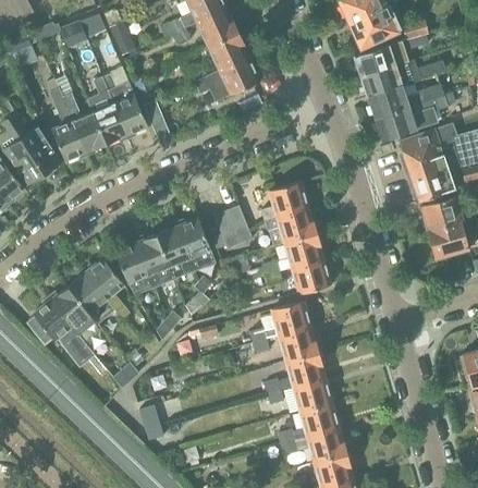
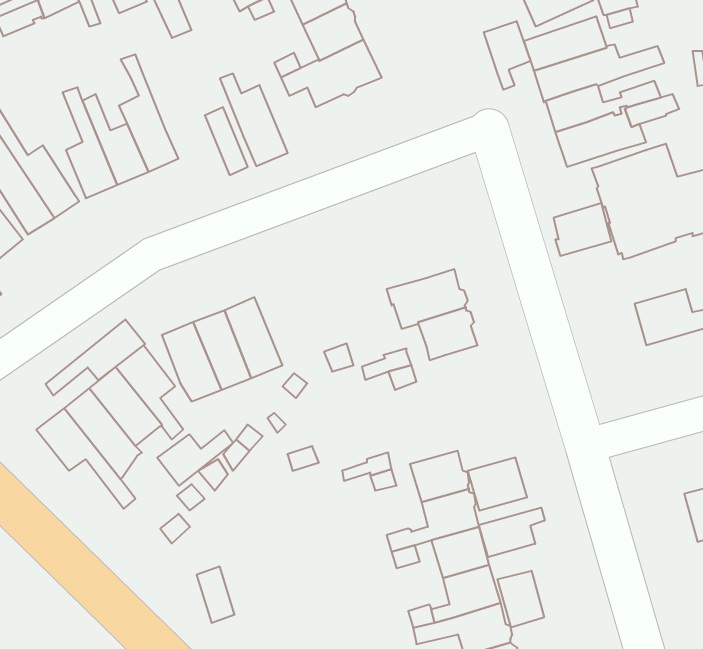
building: none -> [484,21,531,90]
building: [102,74,147,135] -> [220,74,288,166]
building: [260,182,308,221] -> none
building: [422,196,461,231] -> [554,203,611,256]
building: [215,206,252,249] -> none
building: [176,218,216,271] -> none
building: none -> [46,319,145,395]
building: [292,258,331,294] -> none
building: [271,302,310,337] -> [468,458,527,511]
building: none -> [157,430,233,486]
building: none -> [479,508,545,557]
building: none -> [497,571,544,627]

